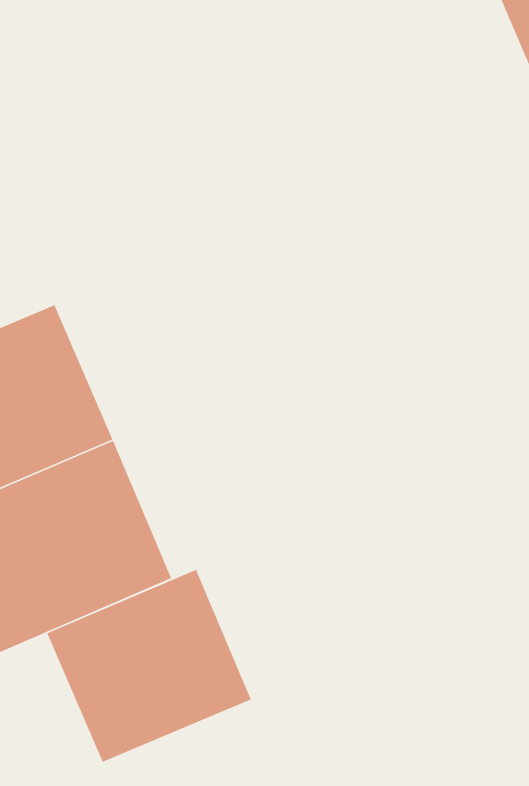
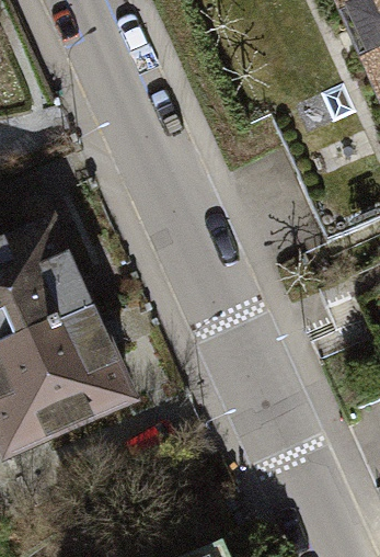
building: [46,569,252,763] -> none

